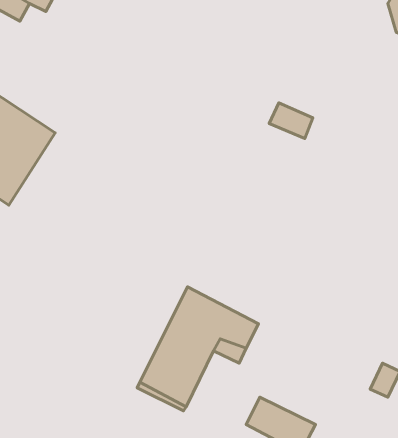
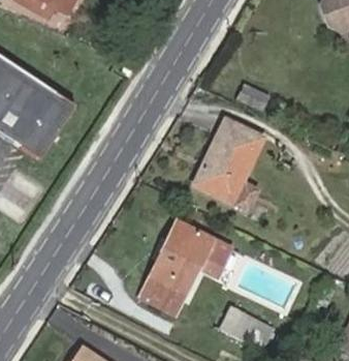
building: none -> [193,119,262,207]

